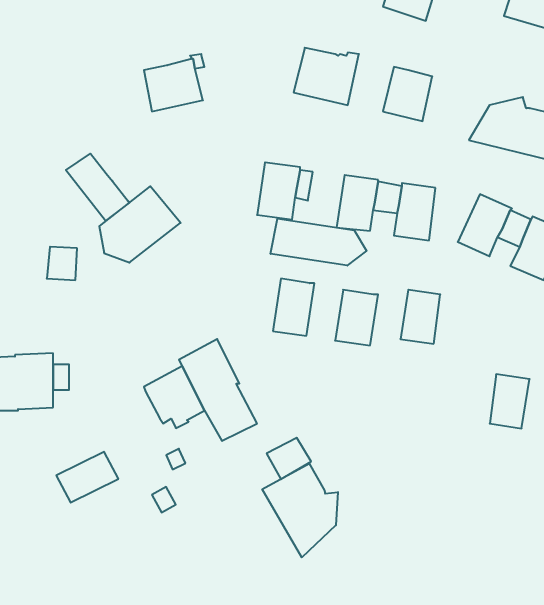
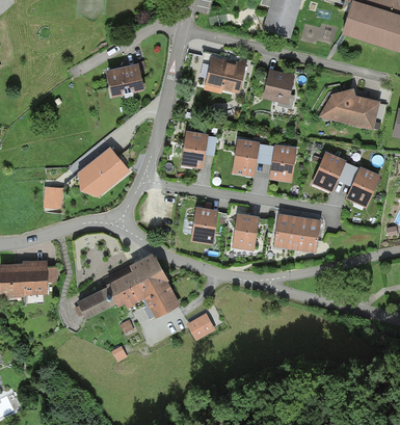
building: [66,154,129,221] -> none
building: [271,219,367,266] -> none
building: [490,374,530,428] -> [295,218,321,254]
building: [56,452,118,503] -> [76,282,116,315]
building: [262,464,338,557] -> none

